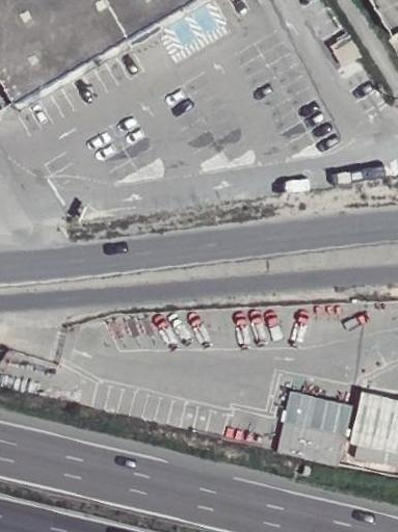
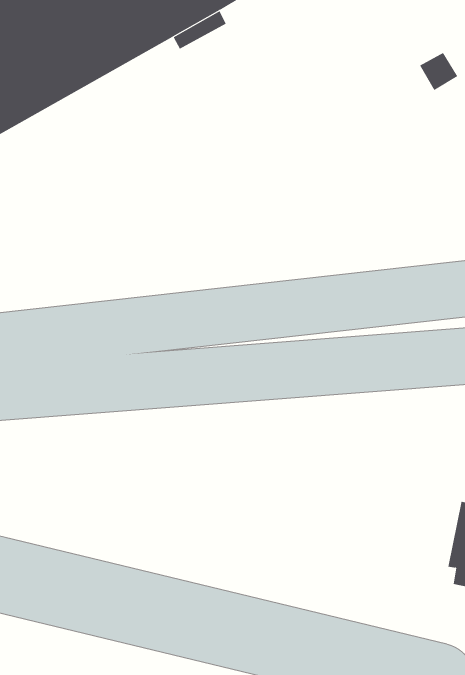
building: [276,389,350,461] -> none

